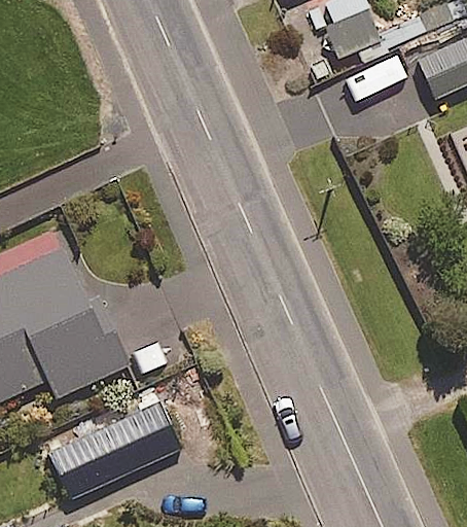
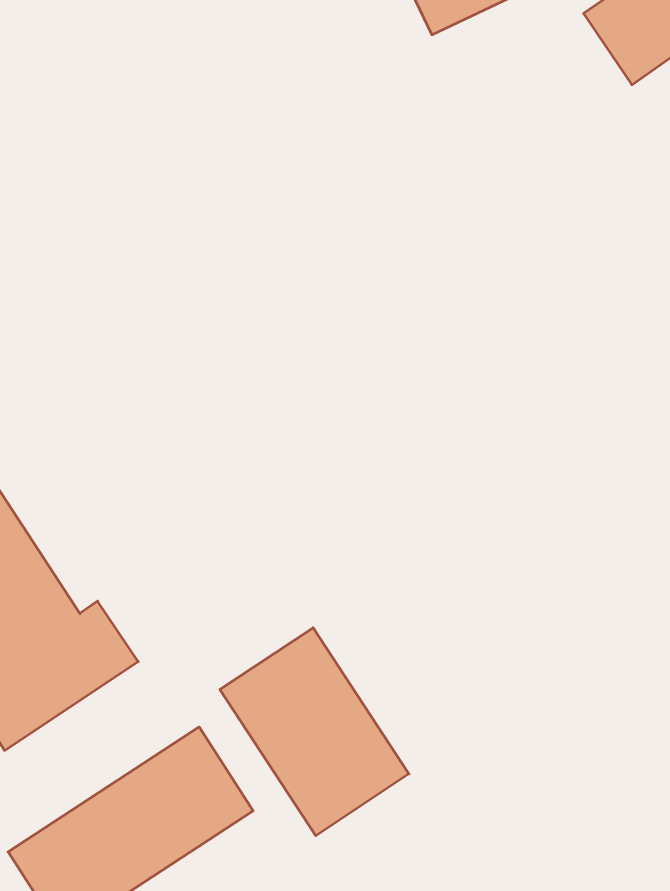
building: none -> [220,628,409,836]

